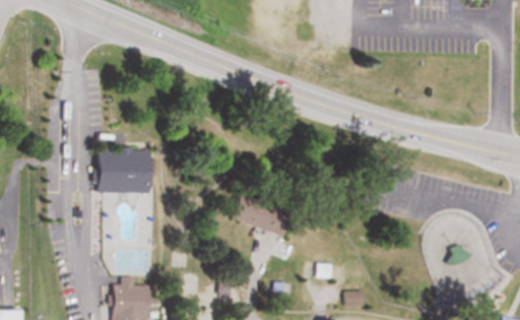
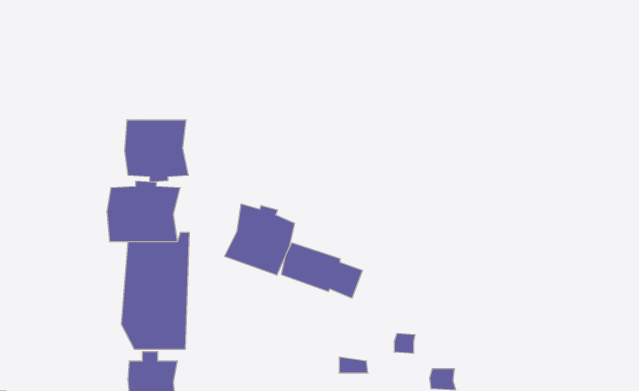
building: none -> [125,120,188,182]
building: none -> [225,204,294,275]

